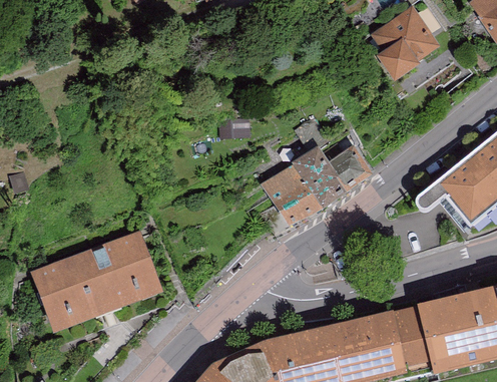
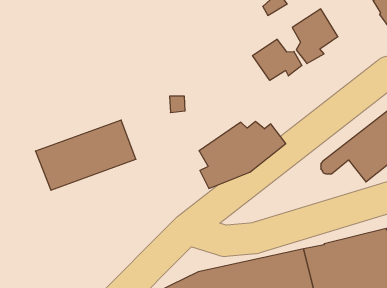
building: none -> [253,39,302,80]
building: [32,238,155,324] -> [35,120,136,190]

